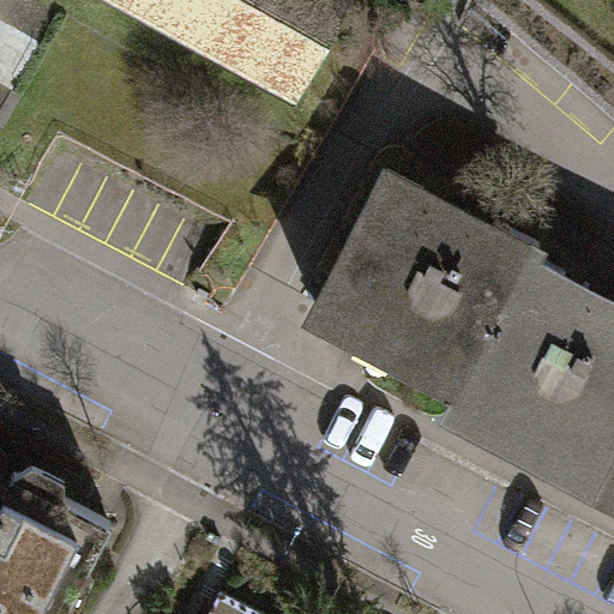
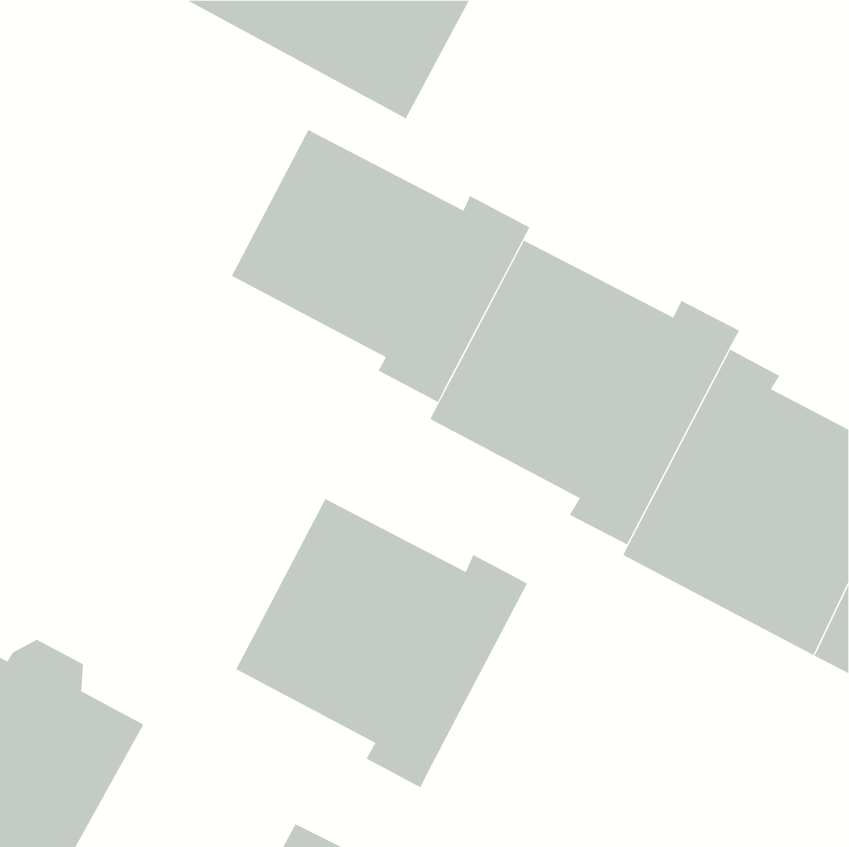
building: none -> [231,129,530,403]
building: none -> [235,498,528,788]

